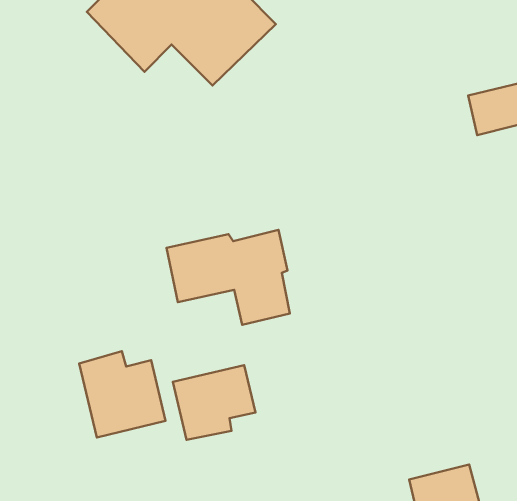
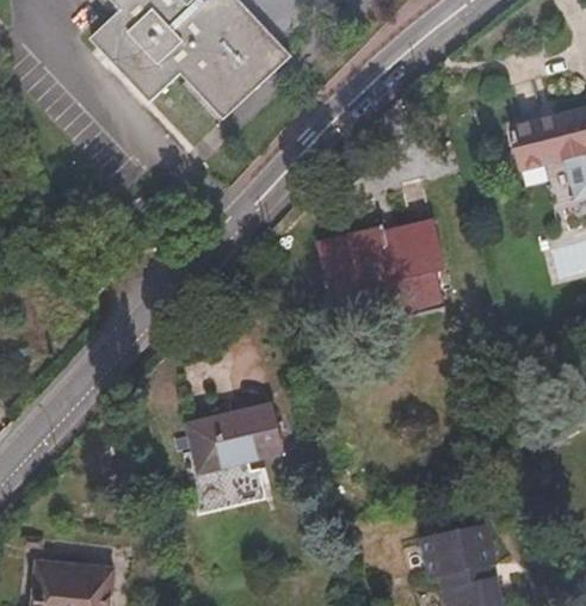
building: [166,230,290,325] -> [310,218,440,319]
building: [79,351,166,437] -> none

